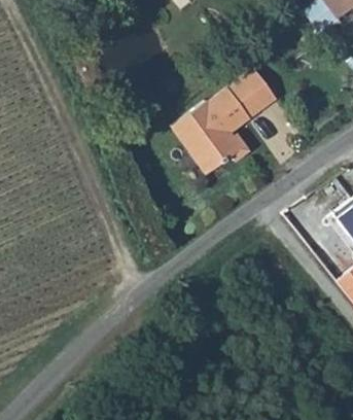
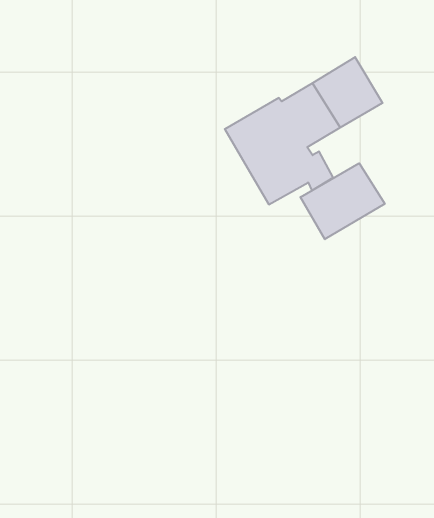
building: none -> [300,163,385,239]

